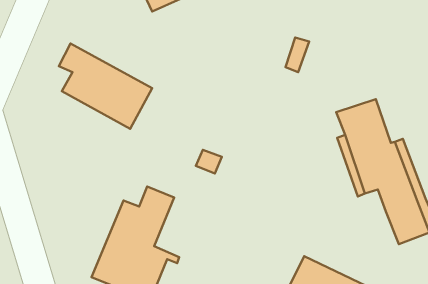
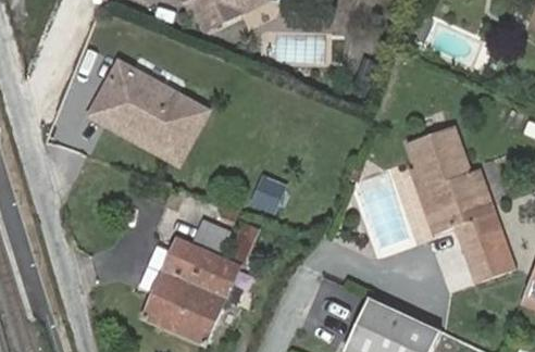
building: none -> [89,88,182,163]
building: none -> [208,221,257,297]

